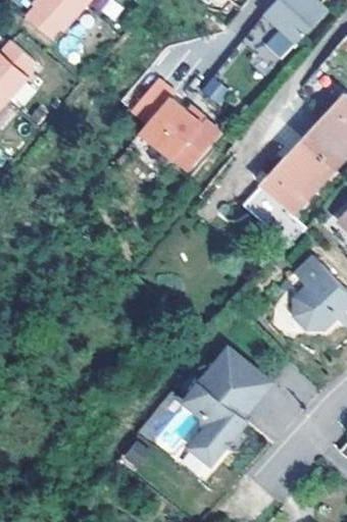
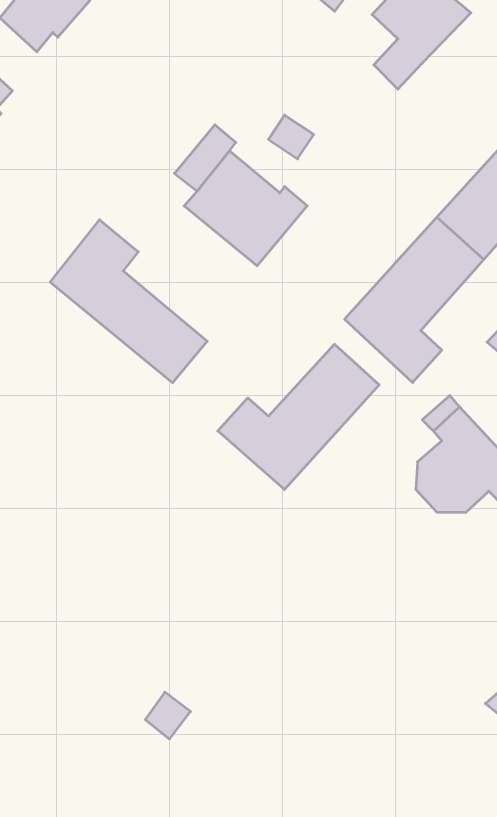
building: none -> [50,220,207,383]
building: none -> [218,344,379,490]
building: [184,346,271,461] -> none

